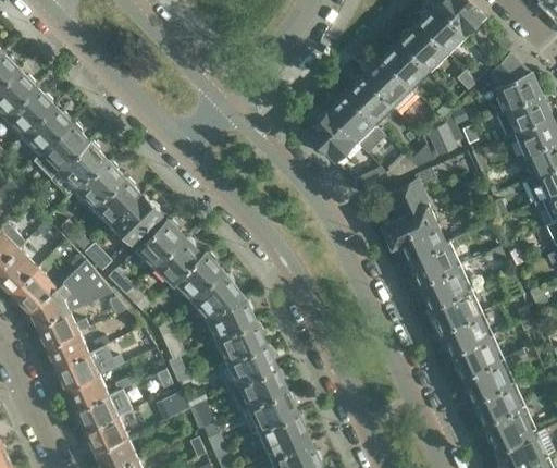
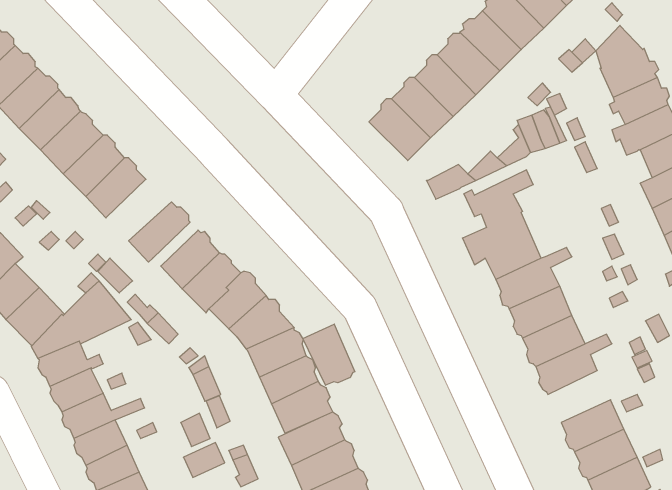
building: [91,178,145,229] -> none
building: none -> [303,324,355,385]
building: [451,334,503,377] -> none

